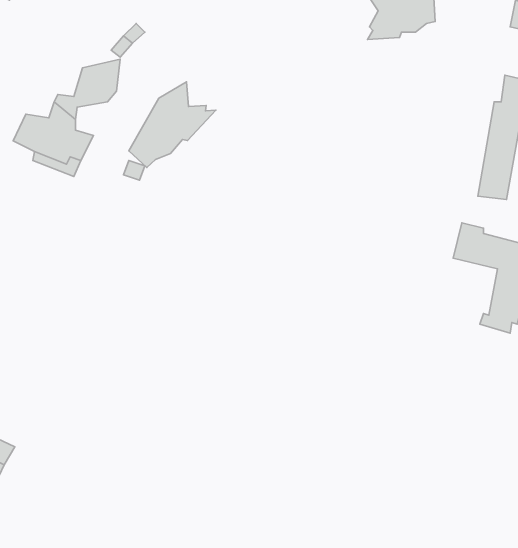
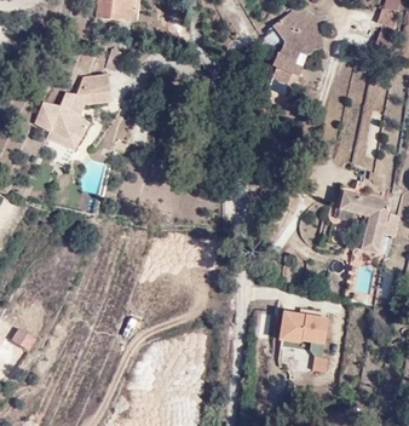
building: none -> [273,57,304,86]
building: [129,82,216,167] -> none
building: none -> [277,311,328,373]

